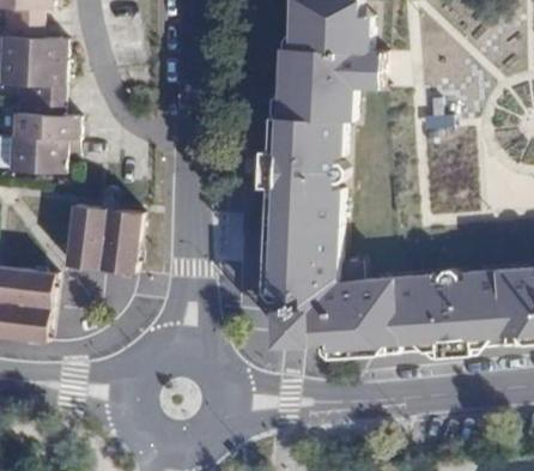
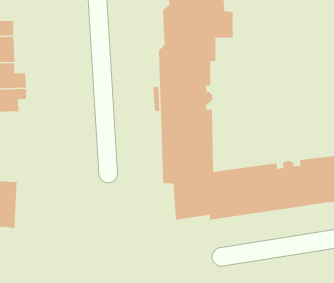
building: [66,204,140,273] -> none

